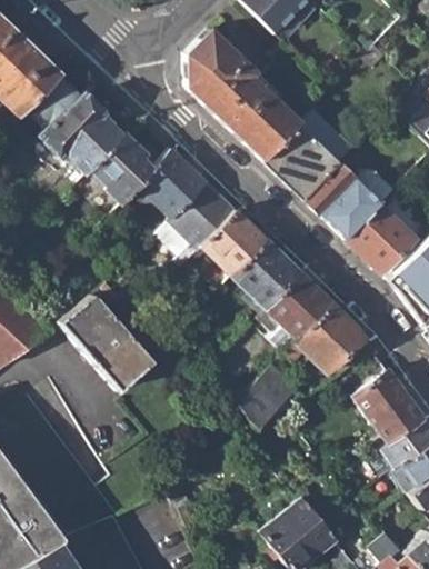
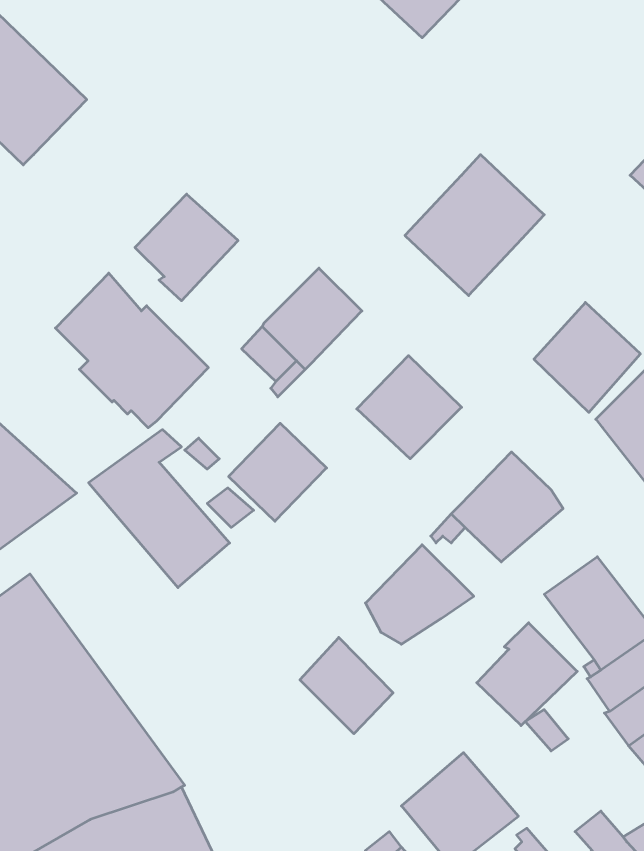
building: [187,28,300,161] -> none
building: [23,73,122,173] -> [55,273,208,428]
building: [137,149,208,218] -> none
building: [305,163,395,241] -> none
building: [202,210,266,273] -> [229,423,327,521]
building: [267,272,332,336] -> none
building: none -> [477,623,577,726]
building: none -> [300,637,393,734]

